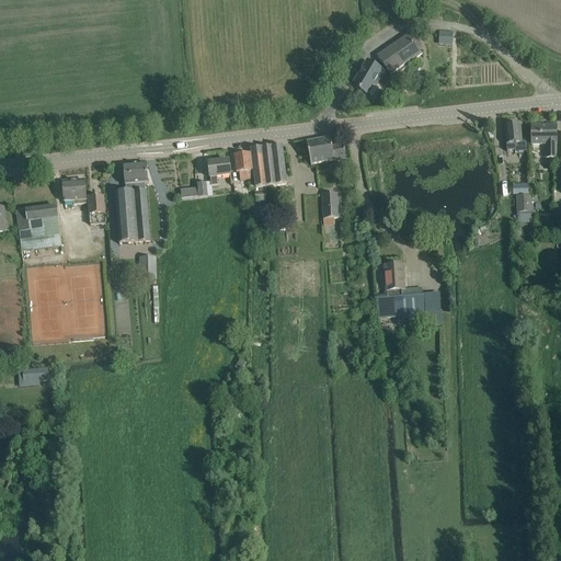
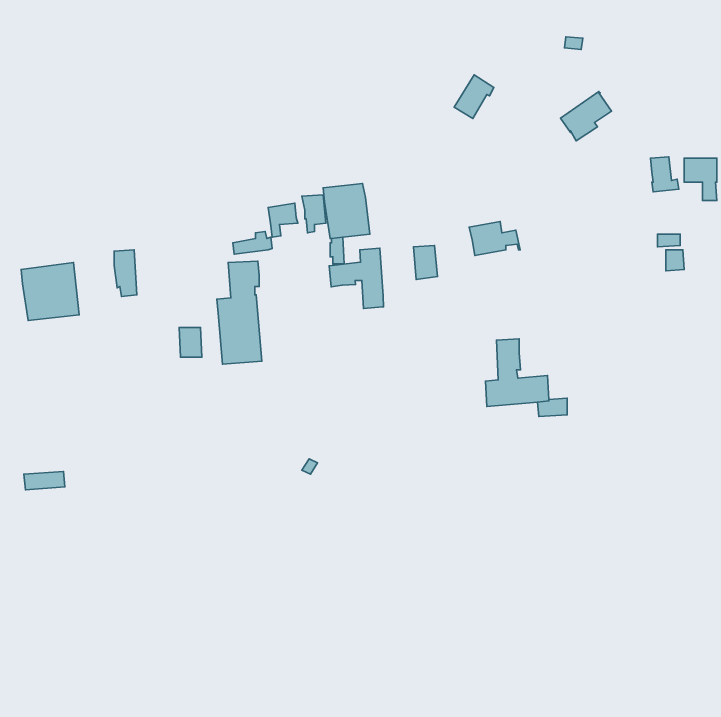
building: [378,33,417,71] -> [561,91,611,141]
building: [307,136,346,162] -> [469,222,520,255]
building: [115,161,150,241] -> [217,261,262,364]
building: [62,178,87,203] -> none
building: none -> [329,248,384,309]

